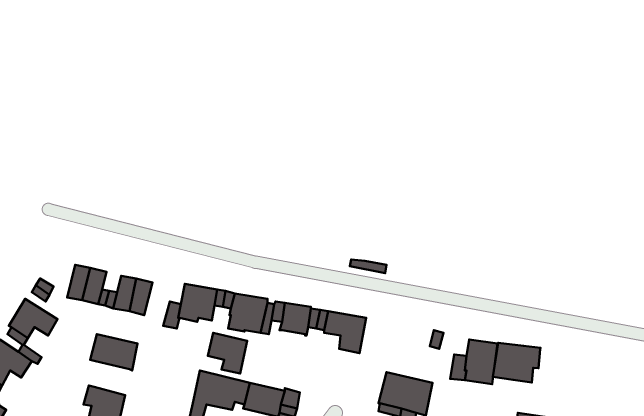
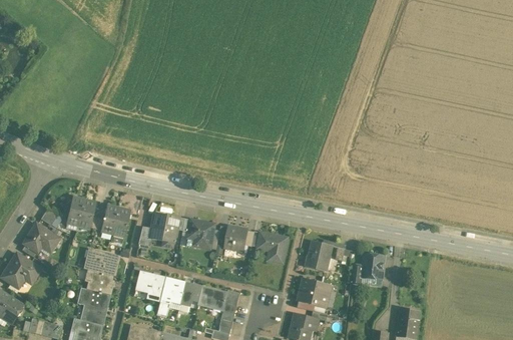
building: none -> [306,241,333,271]
building: [208,333,247,373] -> [135,271,164,301]
building: [493,343,541,382] -> none
building: none -> [85,270,112,295]

